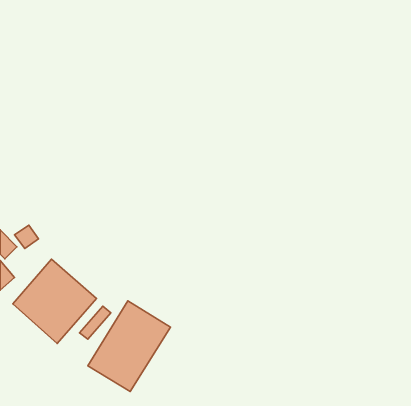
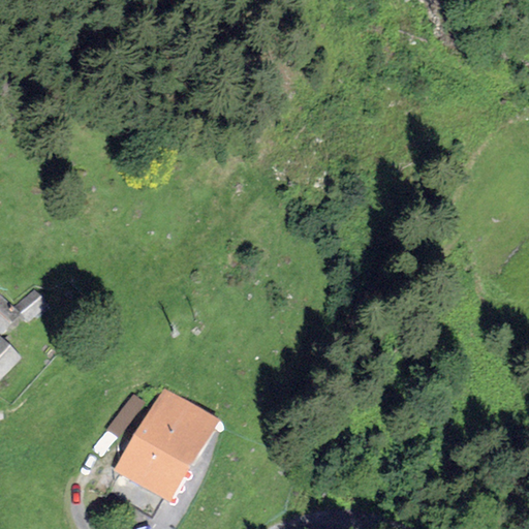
building: [13,259,96,343] -> none

